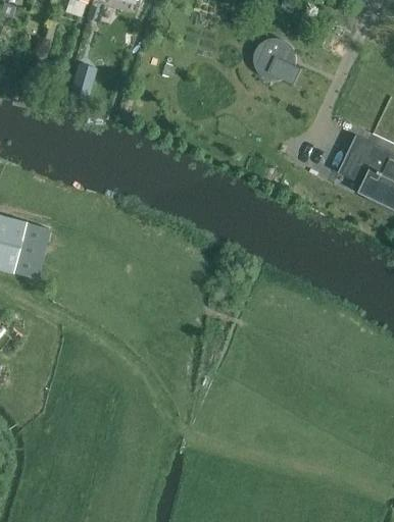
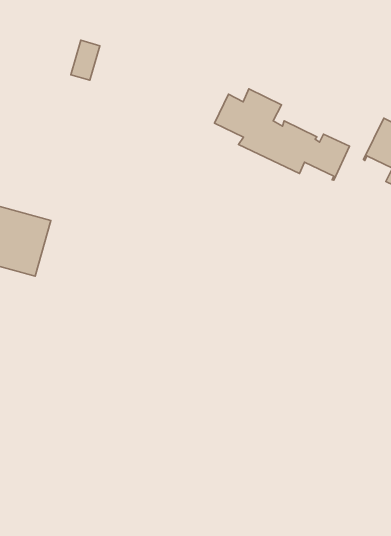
building: [253,41,292,80] -> none
building: none -> [214,89,349,180]

